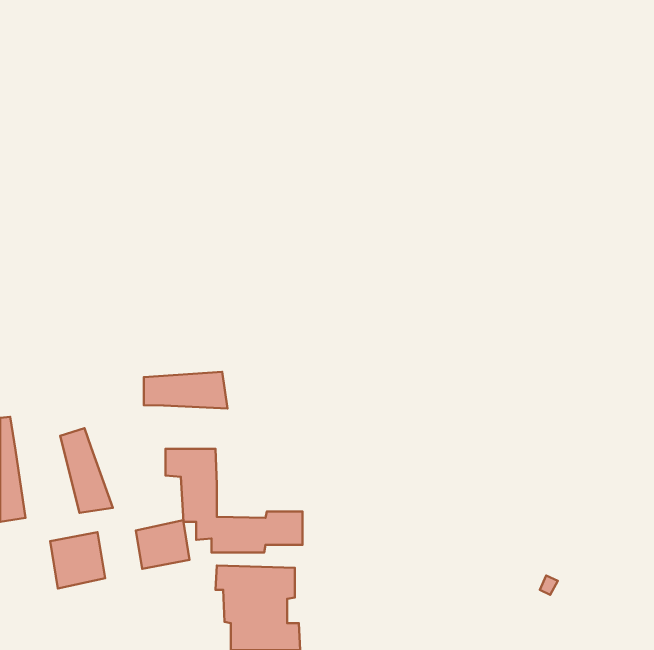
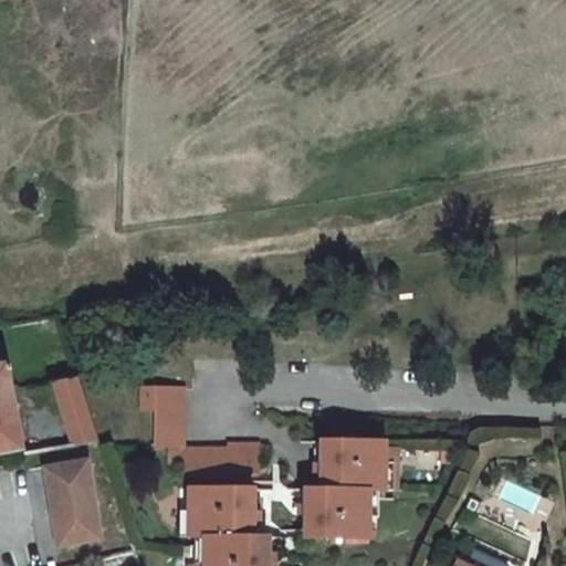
building: [144,372,227,408] -> none
building: none -> [289,442,375,539]
building: [136,520,190,569] -> [51,499,97,541]

